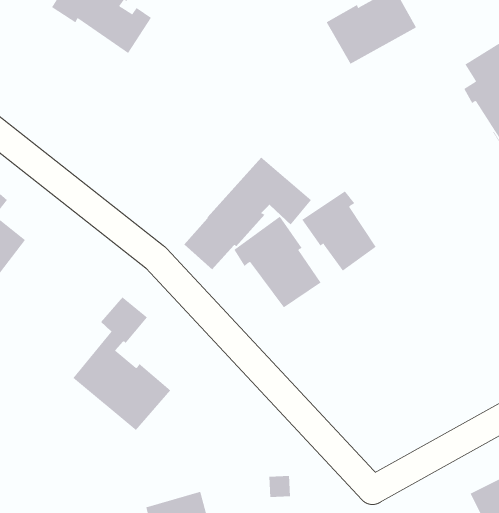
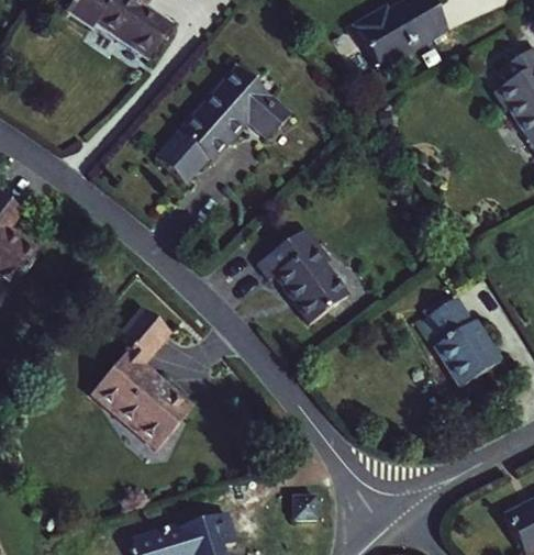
building: [184,157,312,270] -> [156,68,289,186]
building: [302,190,376,272] -> none
building: none -> [422,298,503,386]

